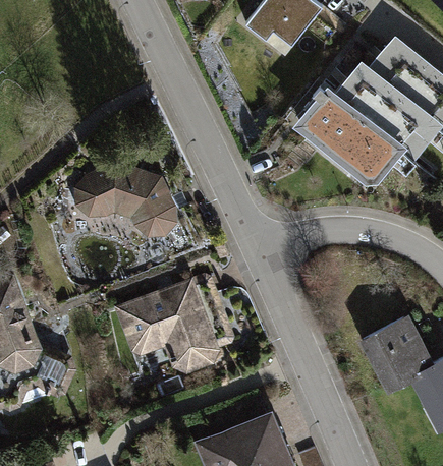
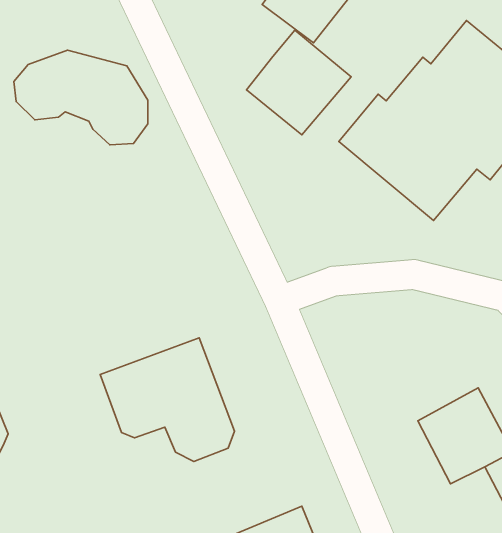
building: none -> [247,30,351,135]
building: [75,164,179,237] -> [14,50,148,145]

